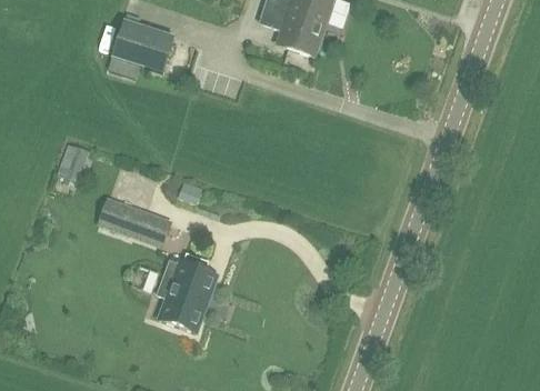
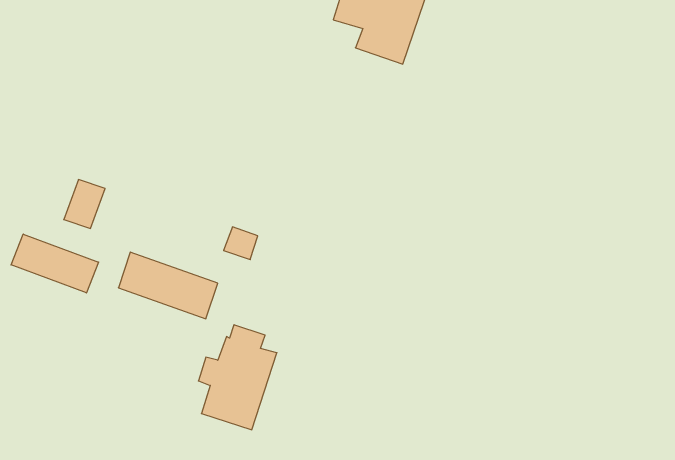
building: [110,18,174,70] -> none
building: none -> [11,234,99,293]

